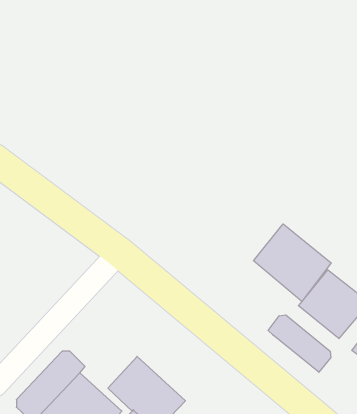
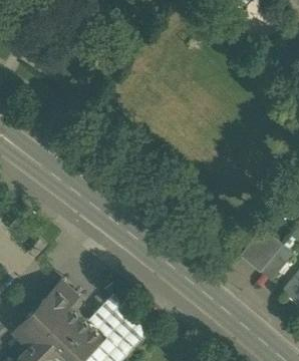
building: [254,224,331,301] -> none
building: [268,315,331,372] -> none

